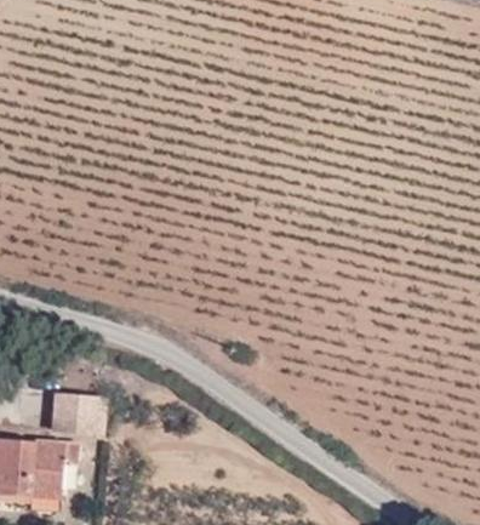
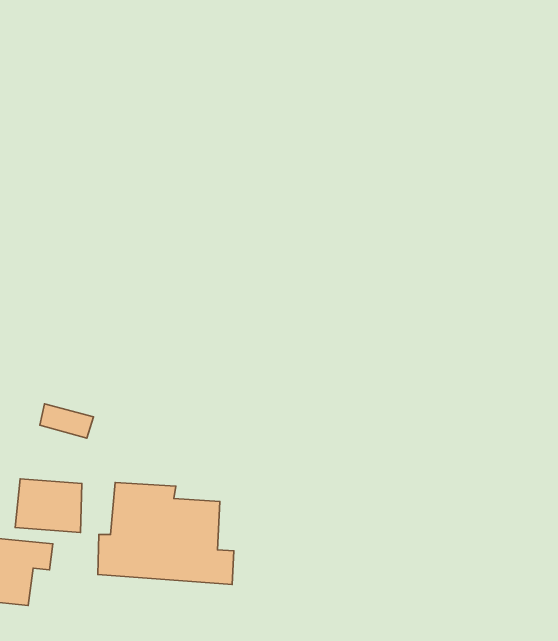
building: none -> [98,482,234,585]

